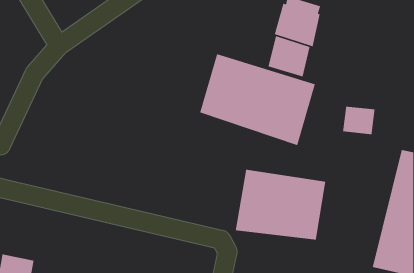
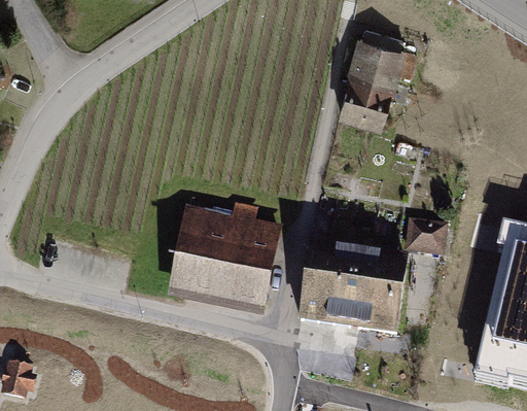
building: [199,53,316,146] -> none
building: [342,106,376,135] -> [406,217,448,254]
building: none -> [174,204,281,302]

